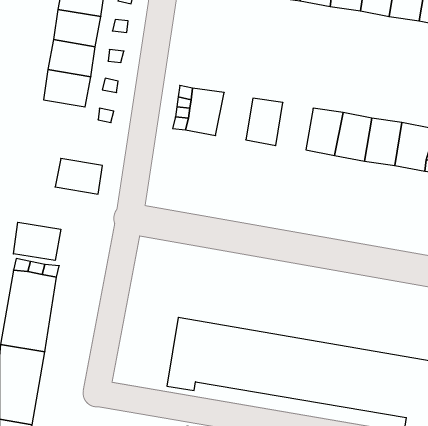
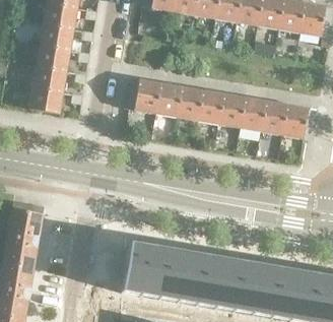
building: none -> [155,82,182,116]
building: none -> [198,89,224,123]
building: [55,158,102,194] -> [29,87,63,113]
building: [13,222,61,260] -> none

